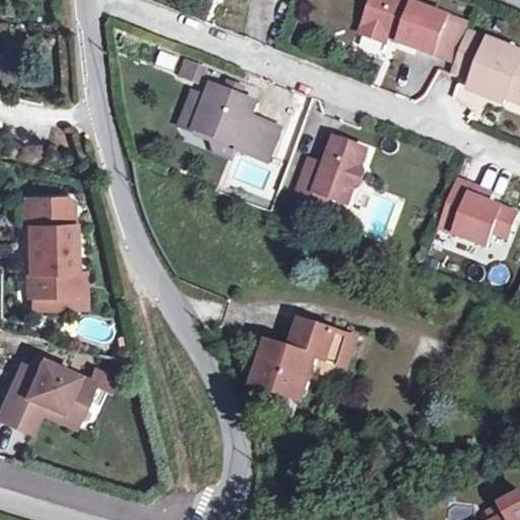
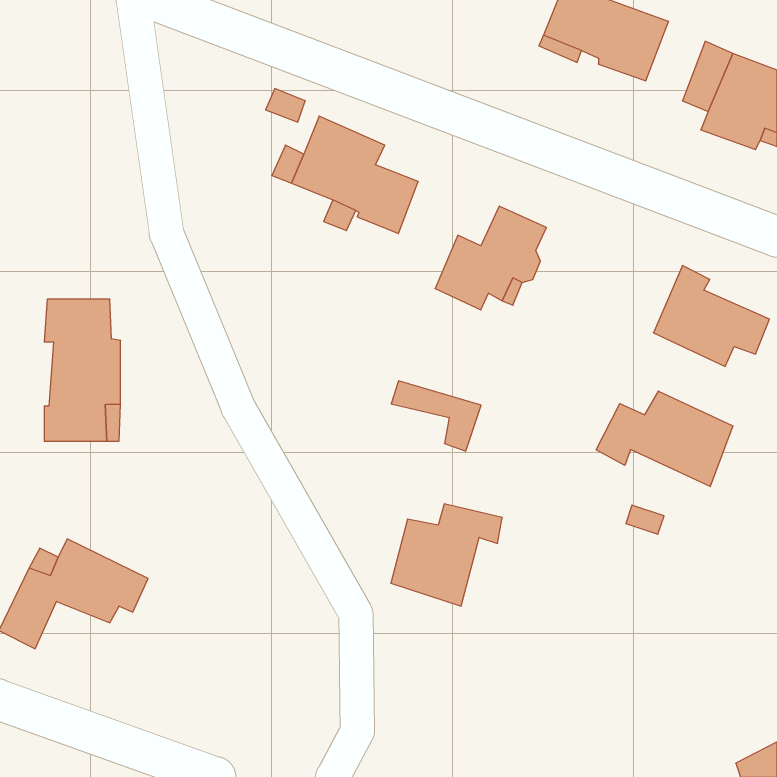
building: [430,14,463,61] -> none
building: none -> [596,391,733,487]
building: [296,320,355,367] -> [391,381,481,451]
building: [23,400,88,436] -> none

